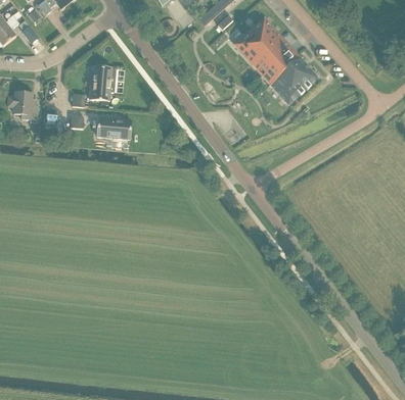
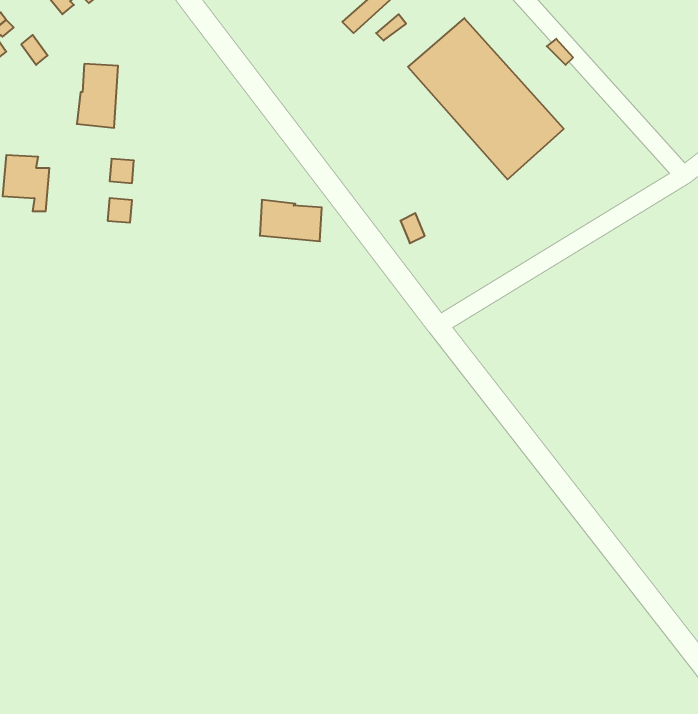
building: [89,65,111,100] -> [77,64,118,128]
building: [97,115,131,138] -> [260,200,322,241]

